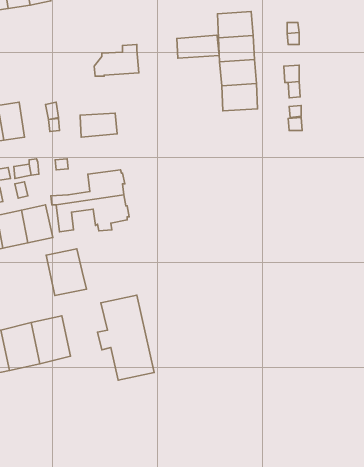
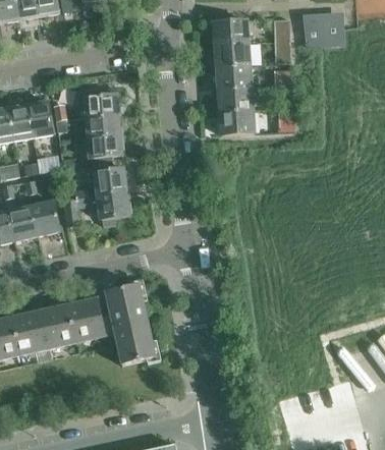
building: none -> [305,16,343,47]
building: [177,35,219,58] -> none
building: [94,45,139,76] -> [76,89,118,118]
building: none -> [29,101,54,137]
building: none -> [219,111,254,135]
building: none -> [87,134,122,158]
building: [46,249,87,296] -> [68,298,106,342]

